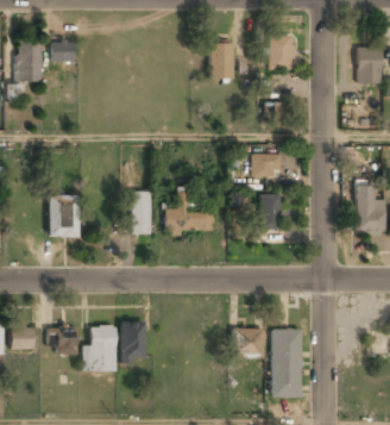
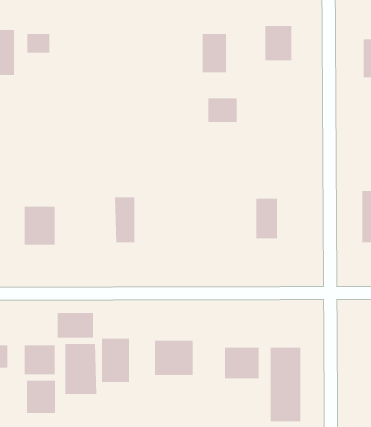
building: [253,154,281,176] -> [208,98,238,123]
building: [165,190,215,231] -> none
building: none -> [57,312,94,339]
building: none -> [154,340,193,376]
building: none -> [27,380,56,414]

